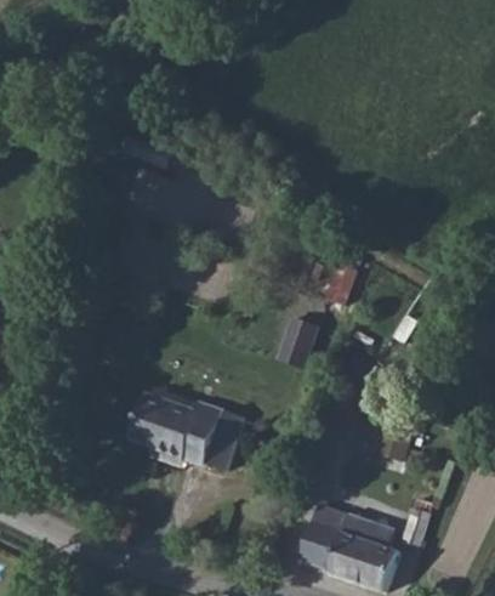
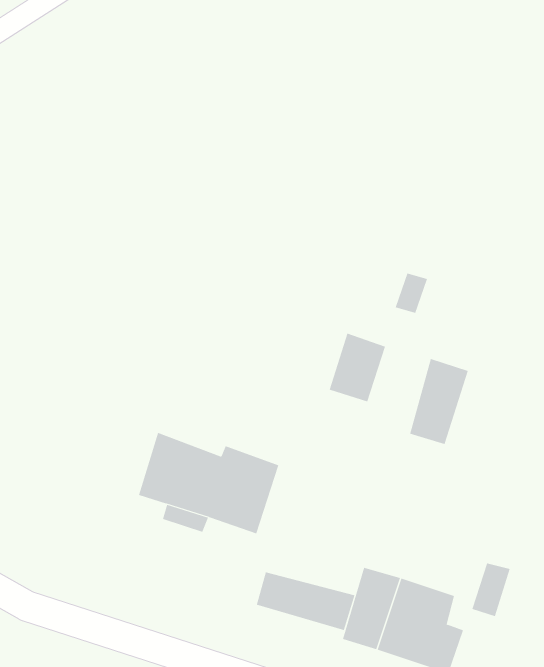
building: none -> [409,358,468,445]
building: none -> [256,571,355,631]

